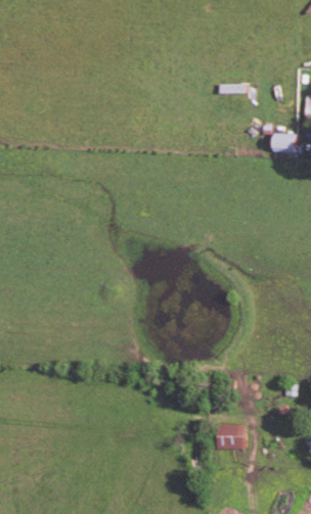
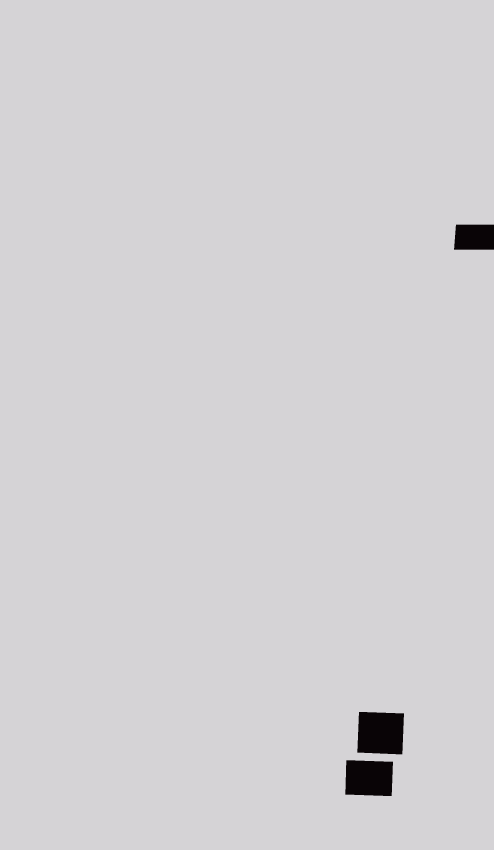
building: none -> [345,759,393,797]

